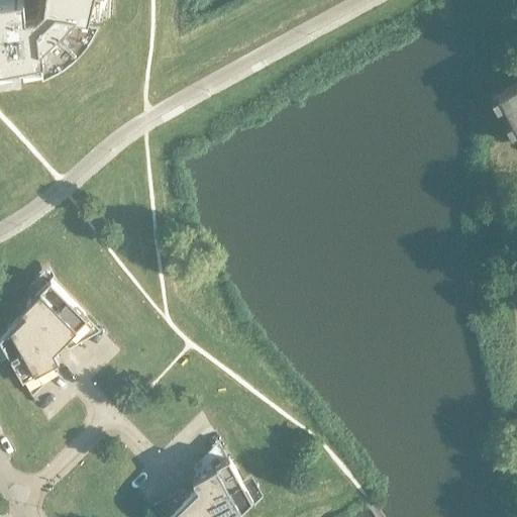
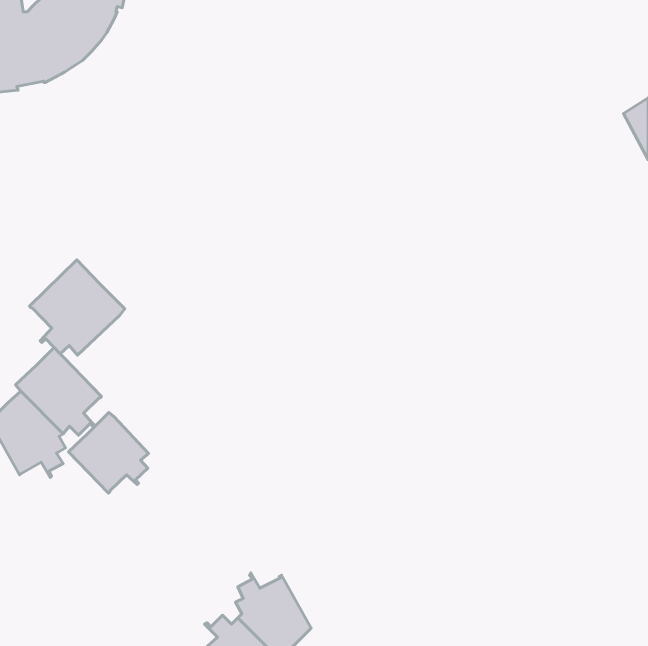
building: none -> [29,260,125,355]
building: none -> [68,413,149,493]

